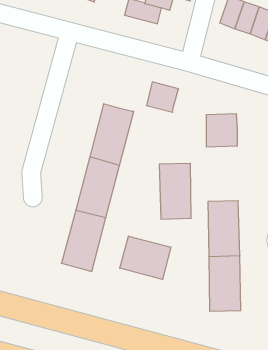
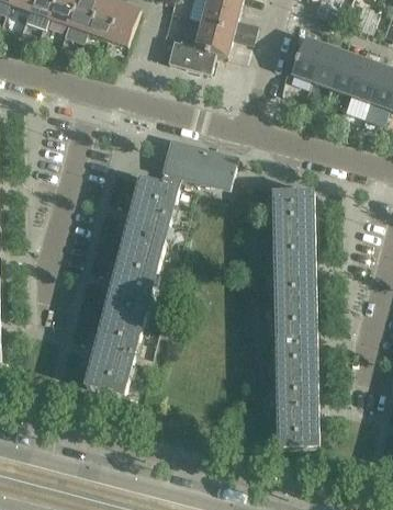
building: none -> [158,140,202,188]
building: [159,163,191,219] -> [272,233,314,305]
building: [120,236,171,280] -> none

